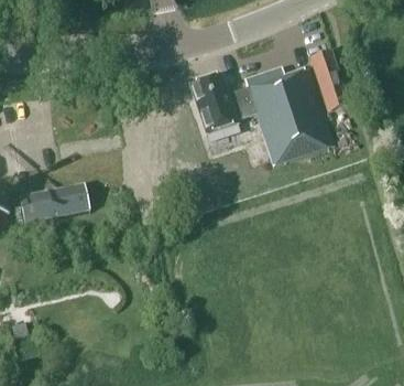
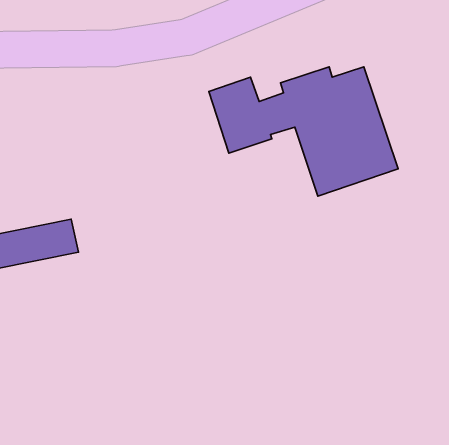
building: [309,50,348,109] -> none

